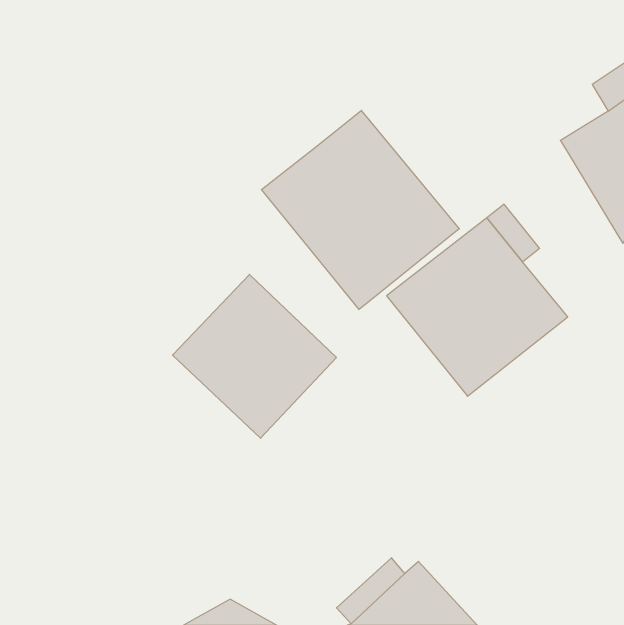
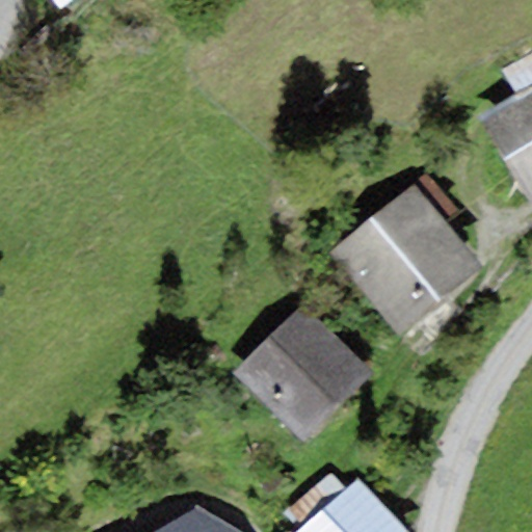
building: [261,110,459,309] -> none
building: [172,274,336,438] -> [234,303,373,443]

